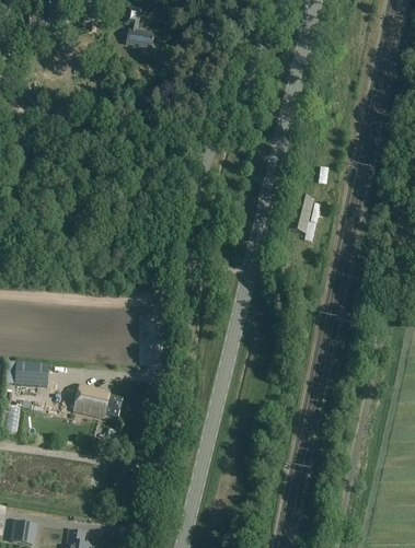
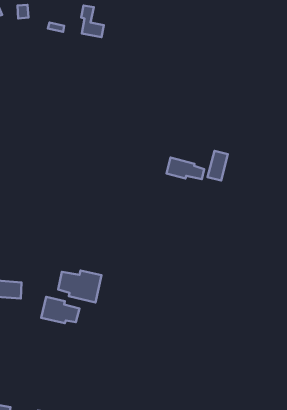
building: none -> [167,158,204,179]
building: none -> [58,271,101,303]

